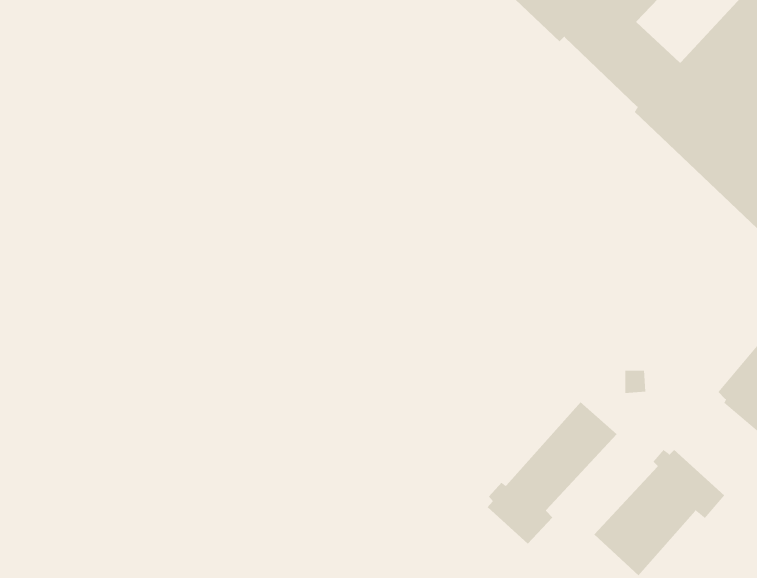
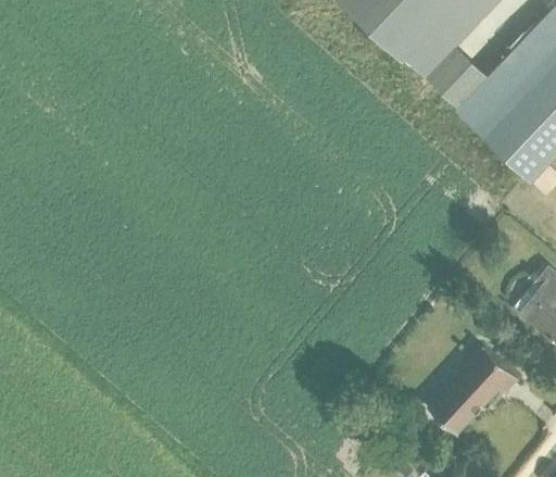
building: [487,402,617,544] -> none

